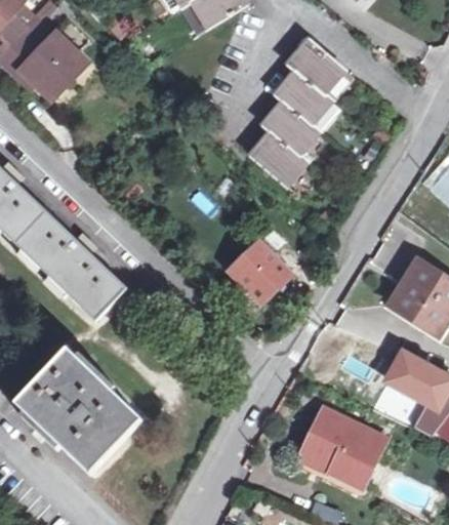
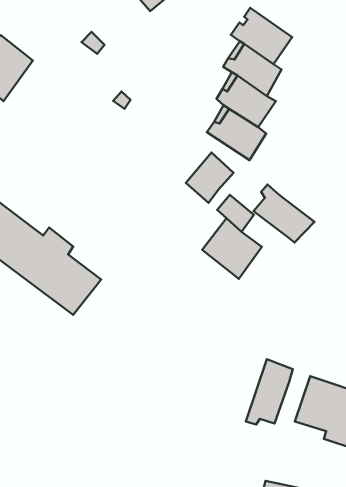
building: none -> [186,153,233,203]
building: none -> [254,185,315,242]
building: [17,350,144,475] -> none
building: none -> [246,359,293,425]

